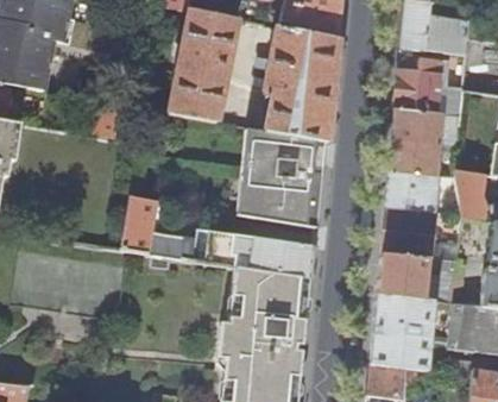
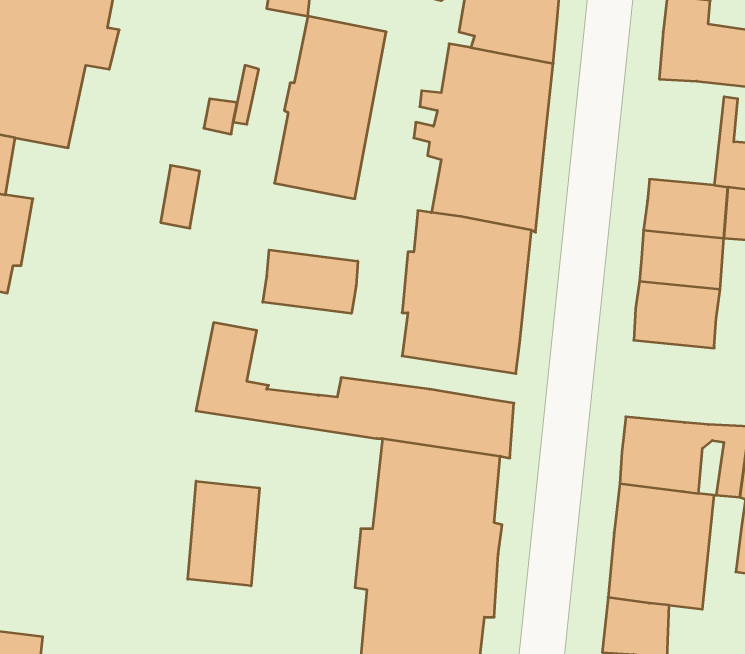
building: [395,57,440,113] -> none
building: none -> [263,250,358,313]
building: [380,207,434,258] -> none
building: none -> [188,481,259,586]

